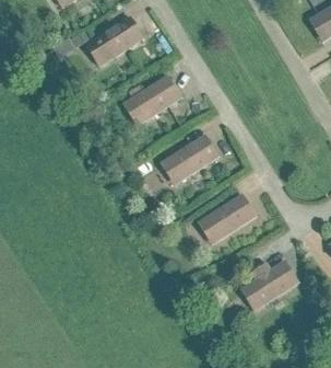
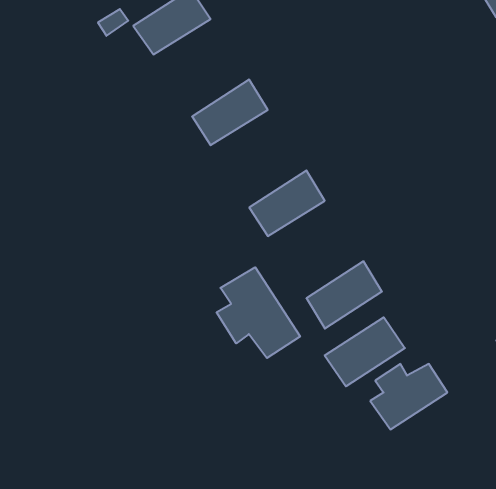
building: none -> [217,267,300,358]
building: none -> [325,317,405,386]

